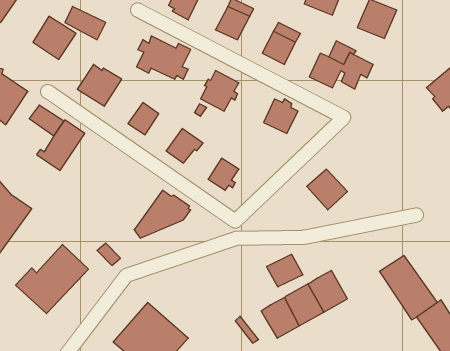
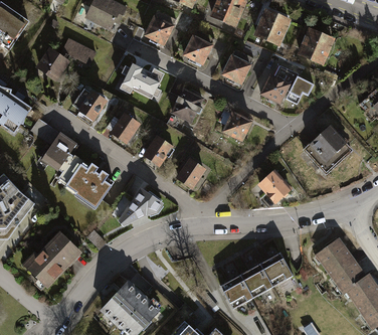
building: none -> [303,120,357,173]
building: none -> [57,153,115,208]
building: [267,254,303,287] -> none

